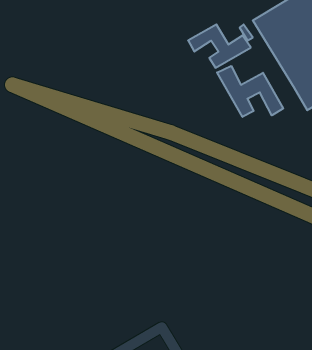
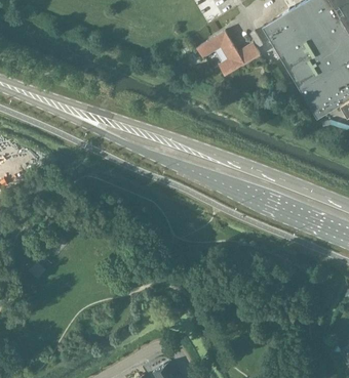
building: [217,66,283,117] -> none

